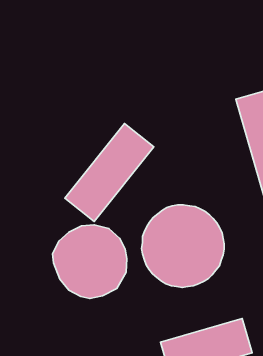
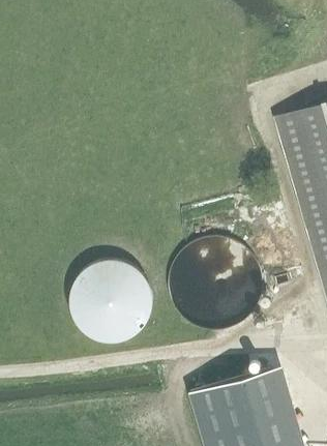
building: [65,124,154,222] -> none

